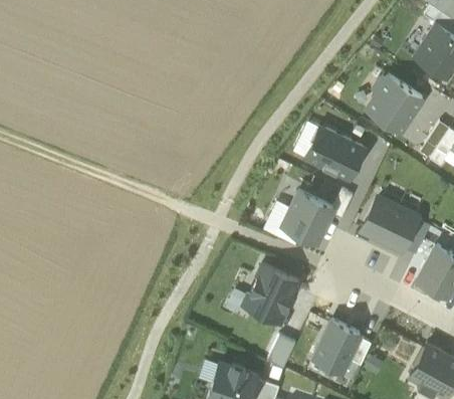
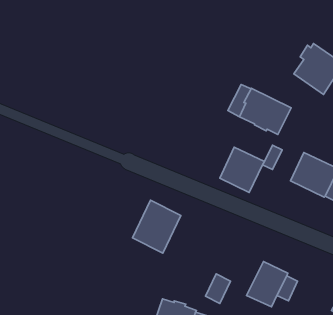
building: [244,264,298,324] -> [133,200,181,253]

